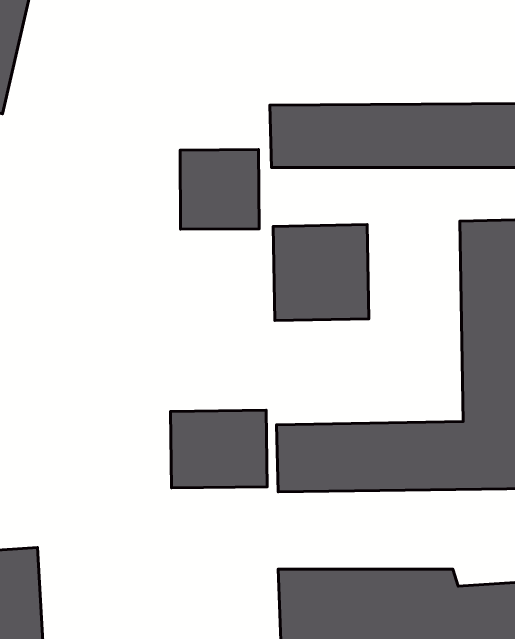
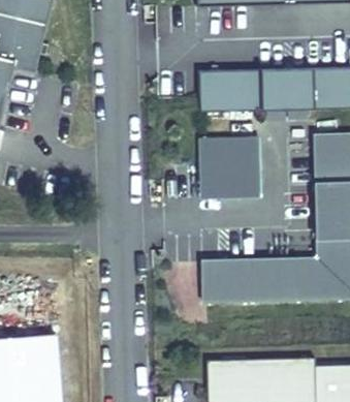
building: [180,150,259,229] -> none
building: [171,410,267,488] -> none

